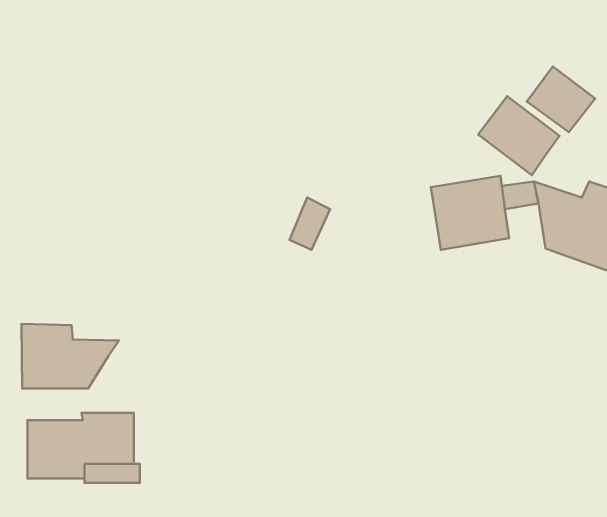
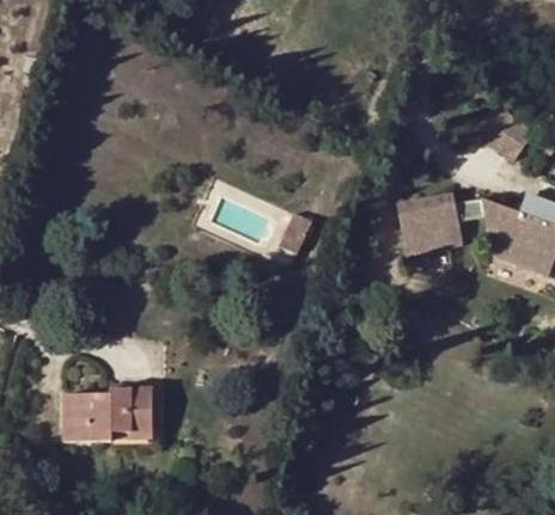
building: [478,96,559,175] -> none
building: [21,324,119,389] -> none

